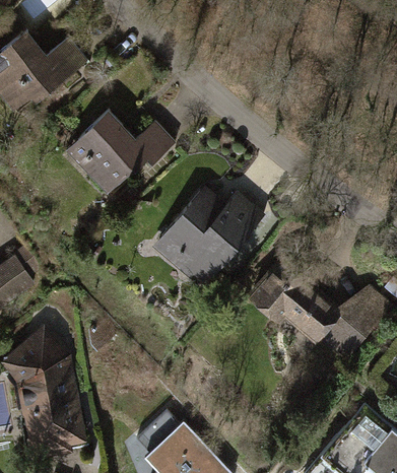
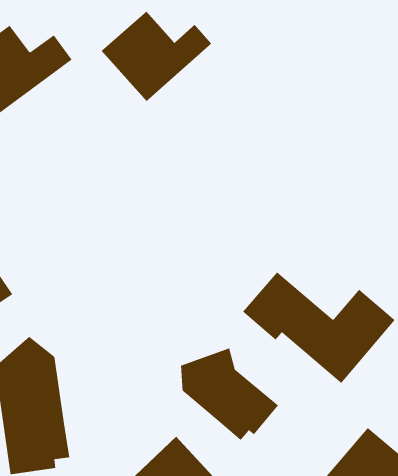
building: [68,111,173,196] -> [101,11,212,102]
building: [155,191,262,289] -> none
building: none -> [181,348,279,441]

